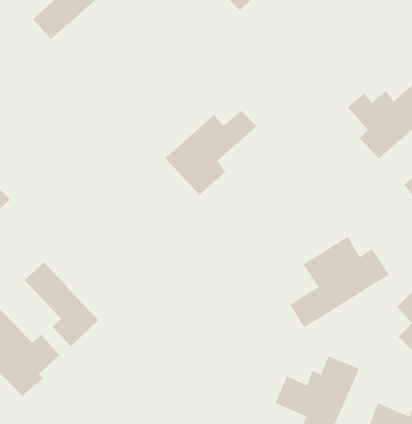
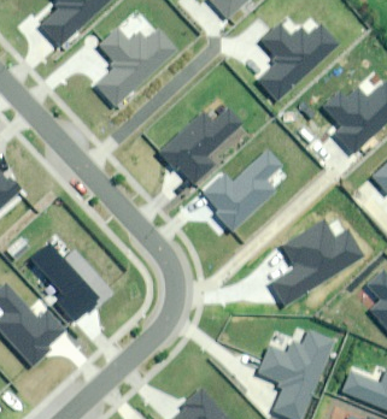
building: none -> [256,23,339,100]
building: none -> [96,26,178,104]
building: none -> [203,151,280,228]

